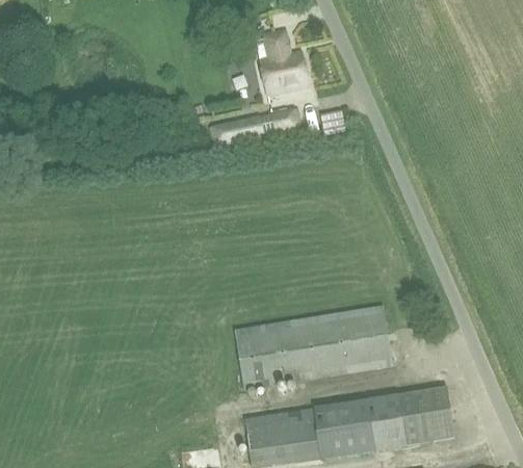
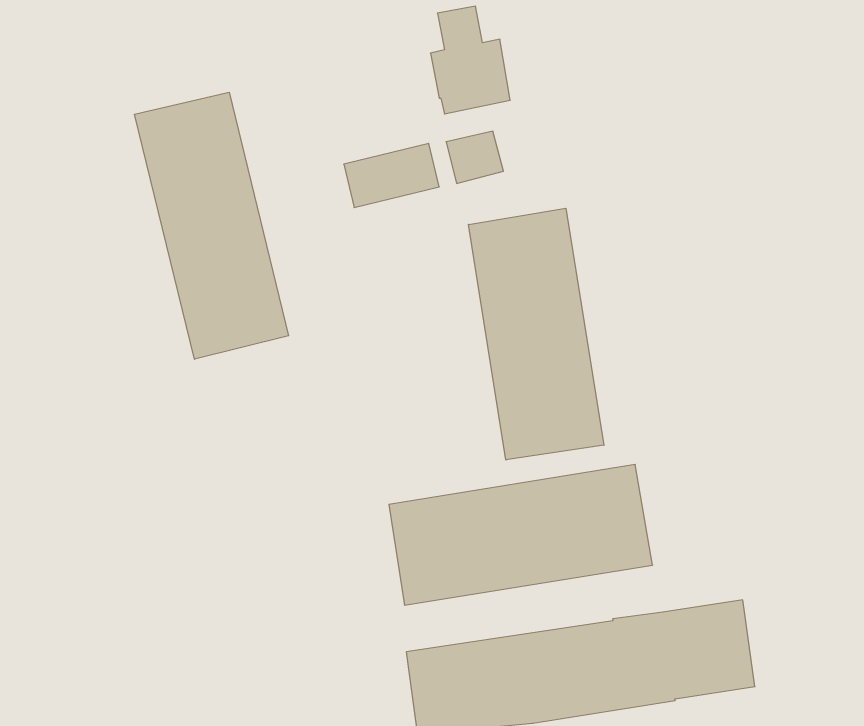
building: none -> [135,92,289,359]
building: none -> [468,208,604,460]

